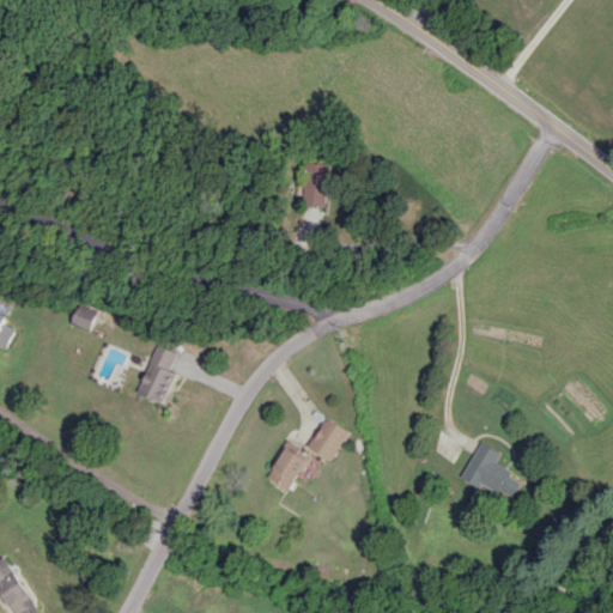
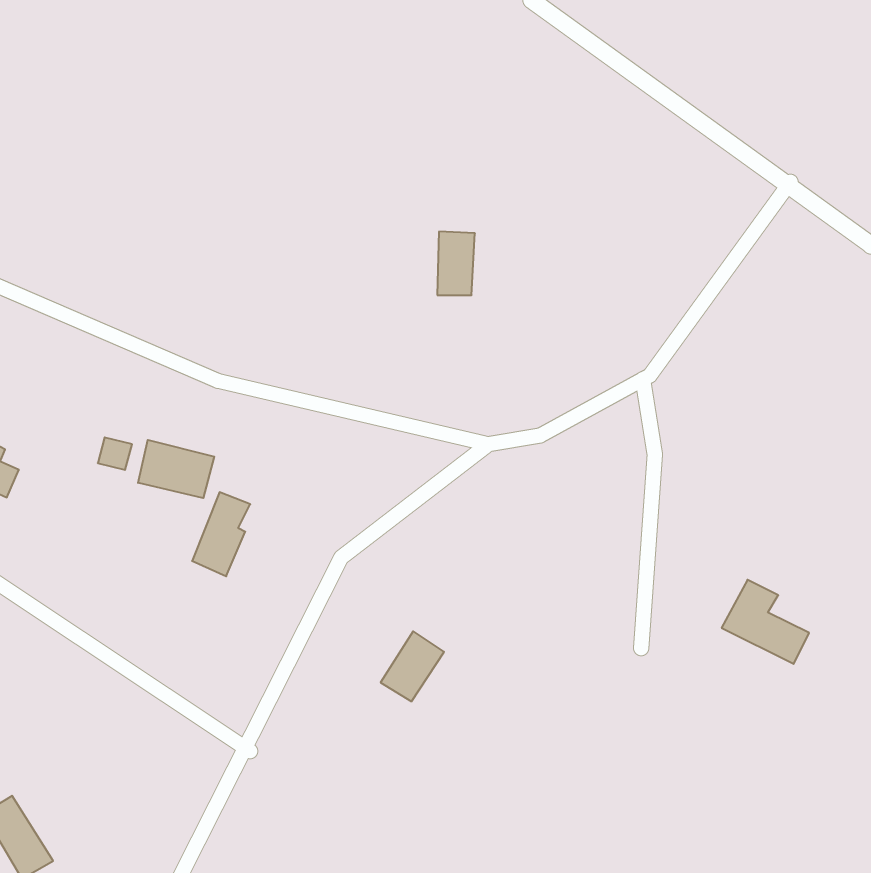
building: none -> [138,440,214,498]
building: [308,419,347,462] -> none
building: [461,443,522,502] -> [722,580,809,664]

